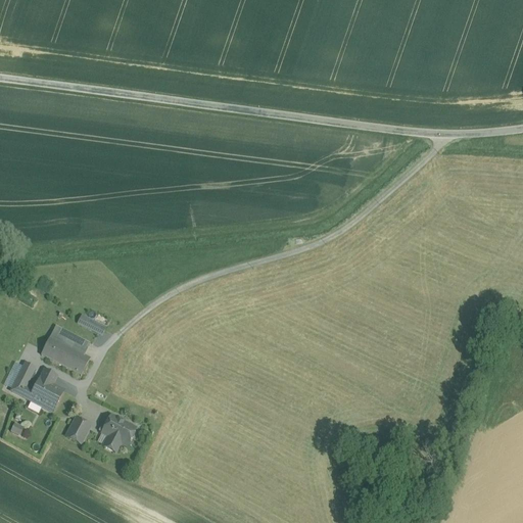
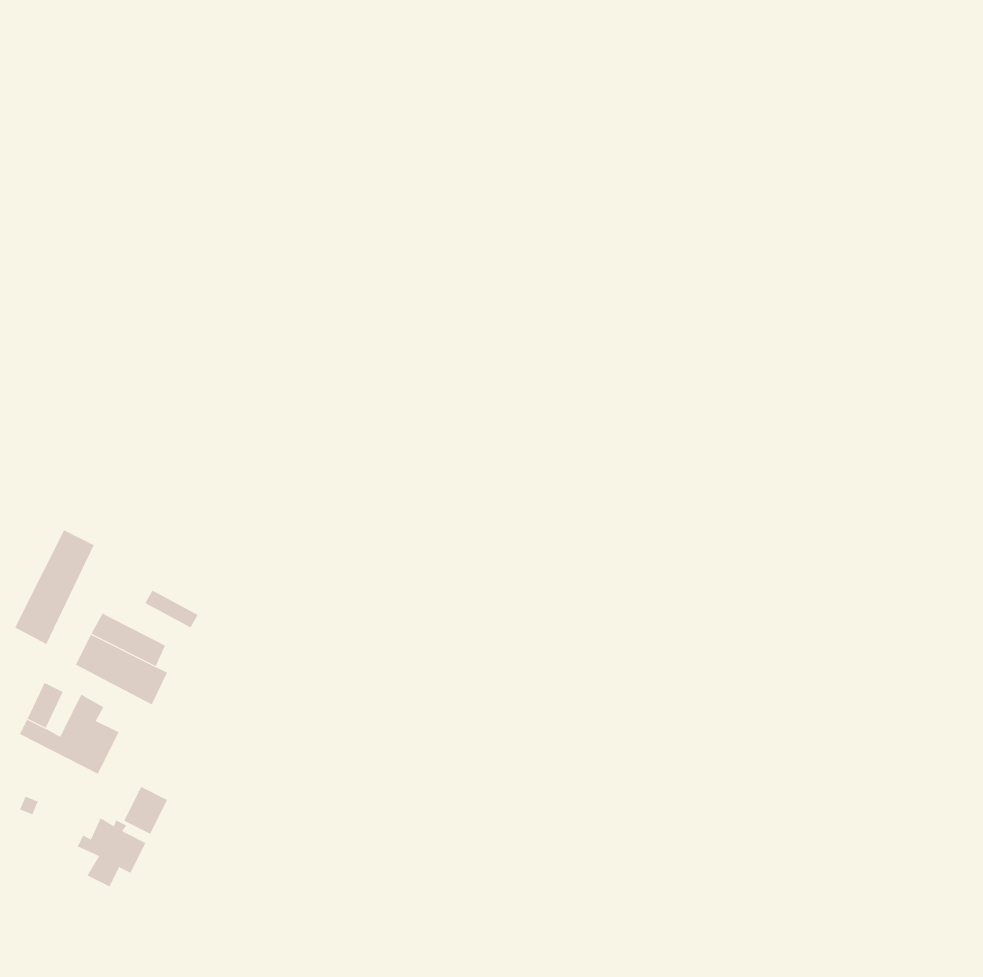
building: none -> [15,529,95,645]
building: [97,414,134,450] -> [77,818,146,887]

